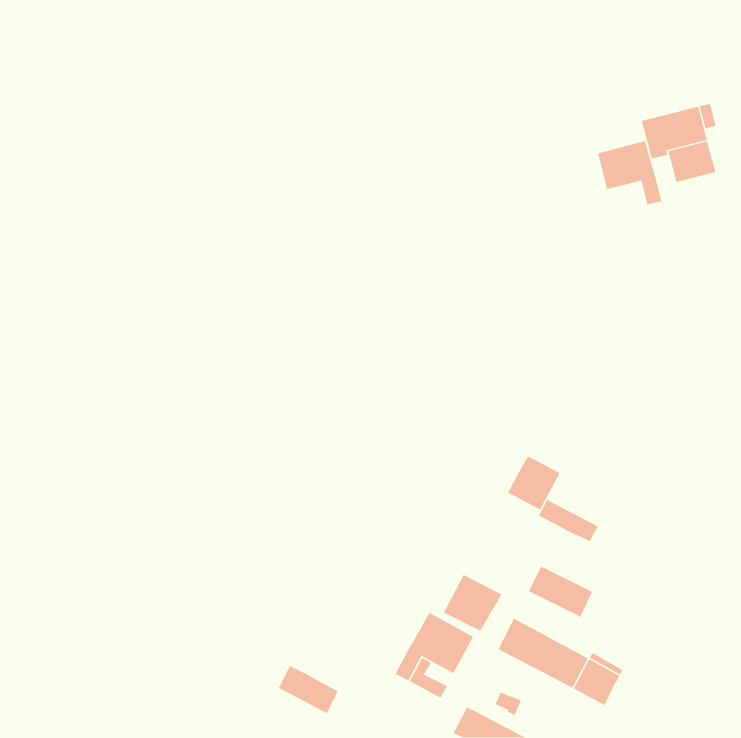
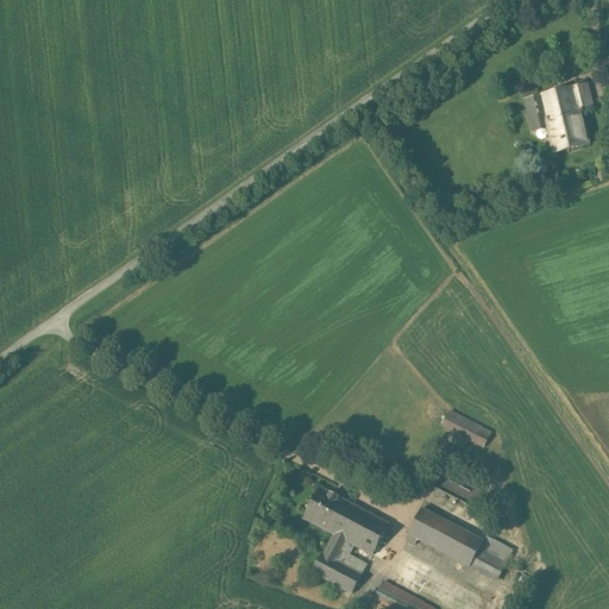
building: [597,140,662,205] -> none
building: [507,455,561,510] -> none
building: [443,574,502,632] -> [303,485,352,533]
building: [278,665,339,714] -> [312,552,362,592]

